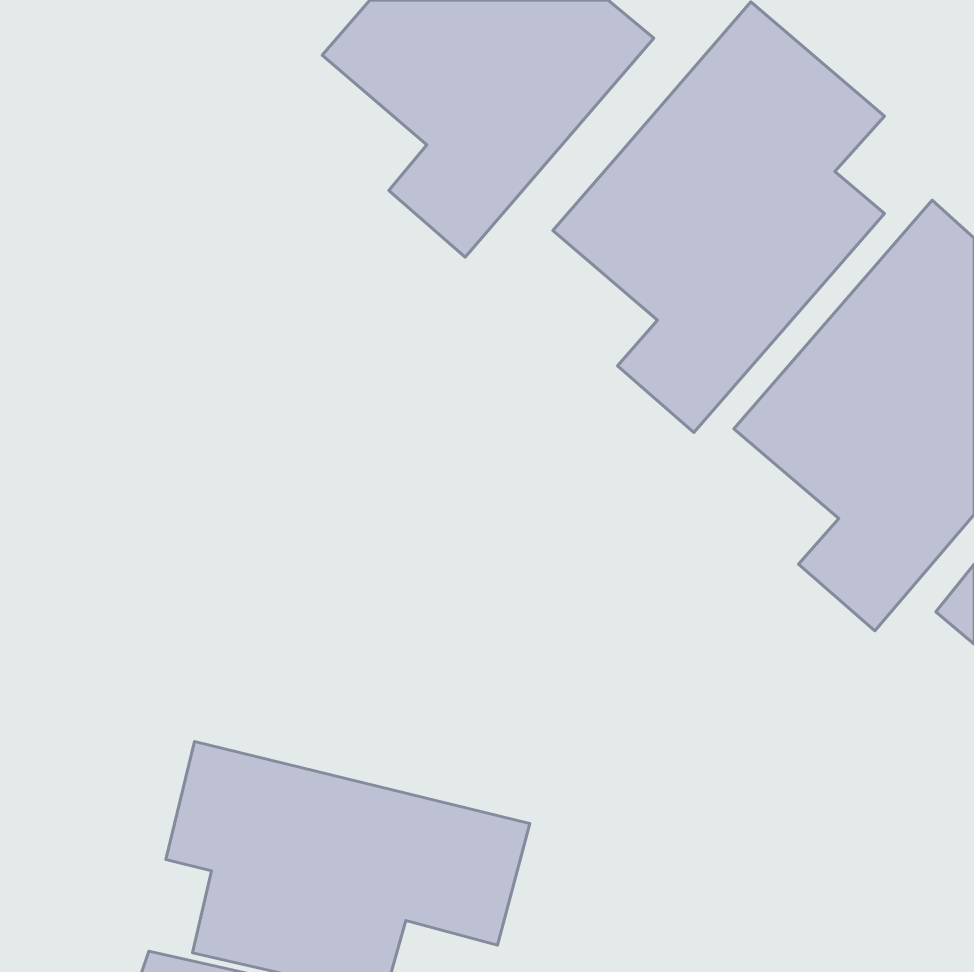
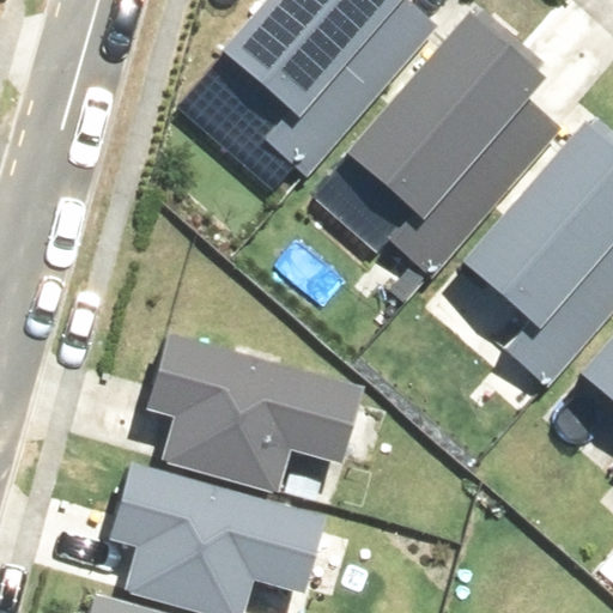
building: none -> [157,332,386,496]

